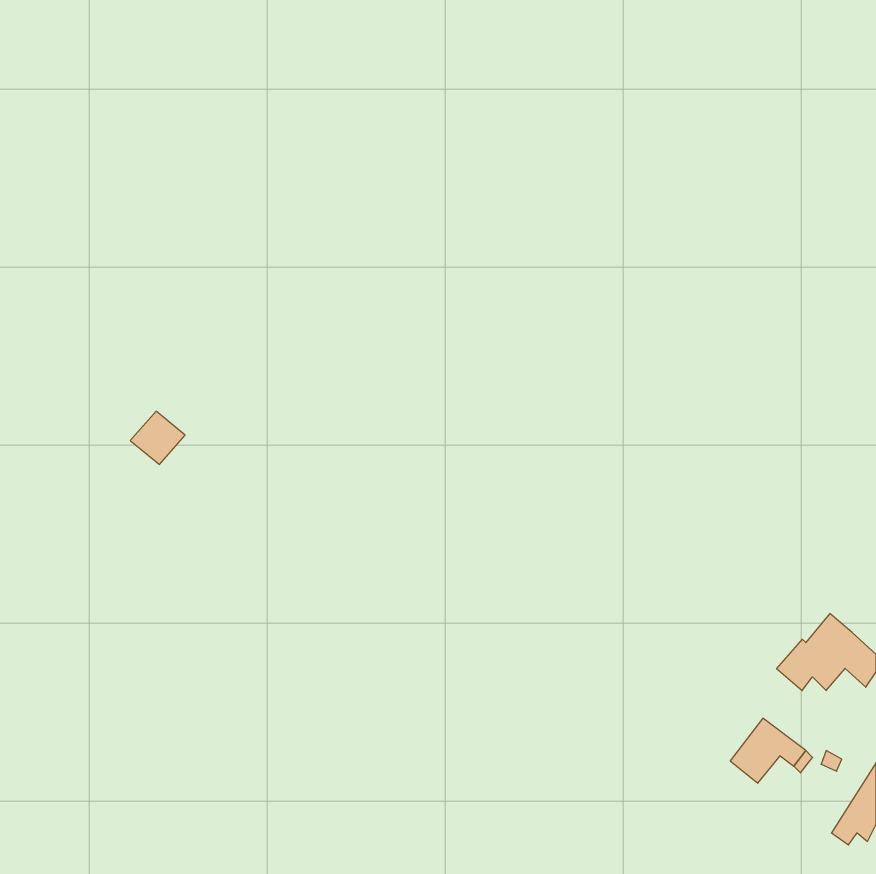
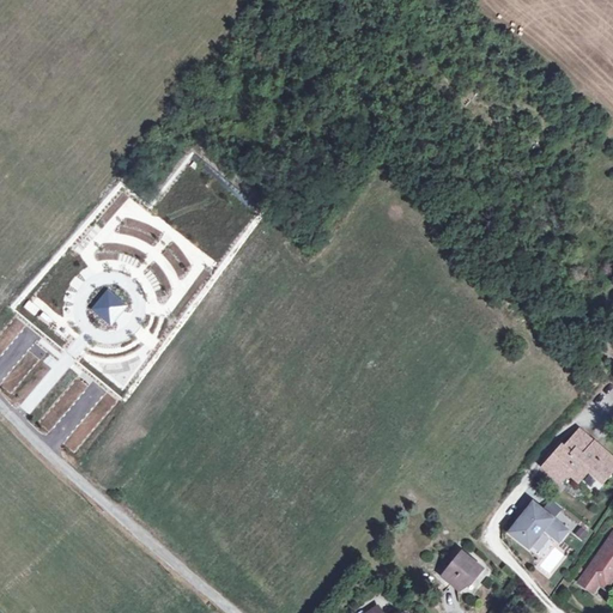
building: none -> [442,551,482,589]

